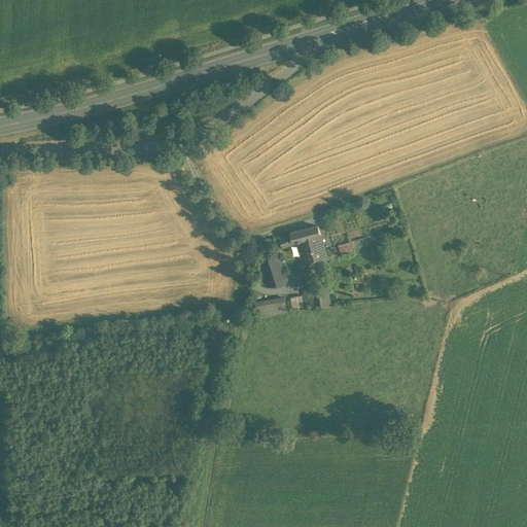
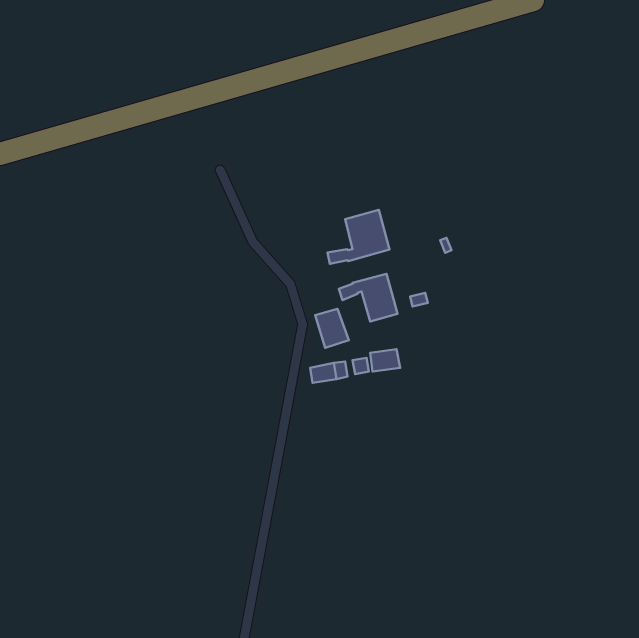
building: none -> [328,210,389,264]

